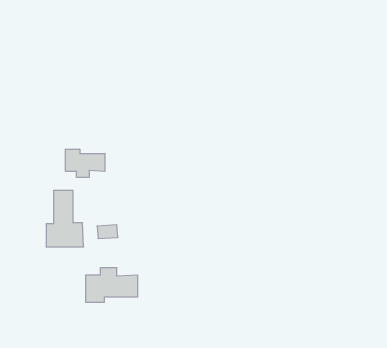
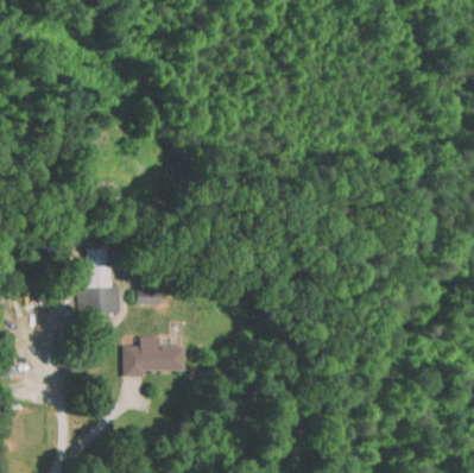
building: [66,149,105,177] -> none

